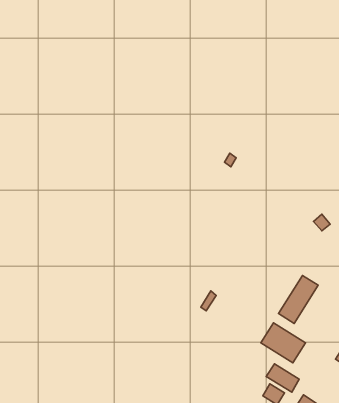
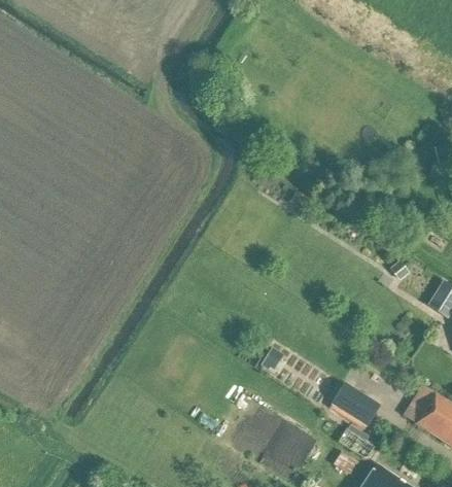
building: [278,276,318,323] -> none

